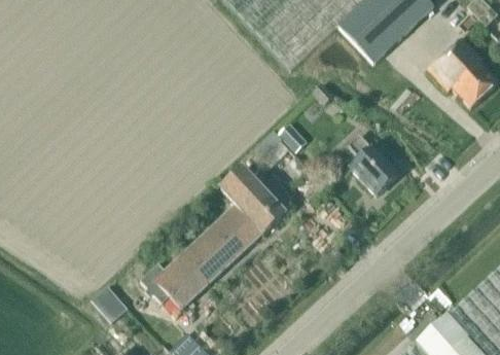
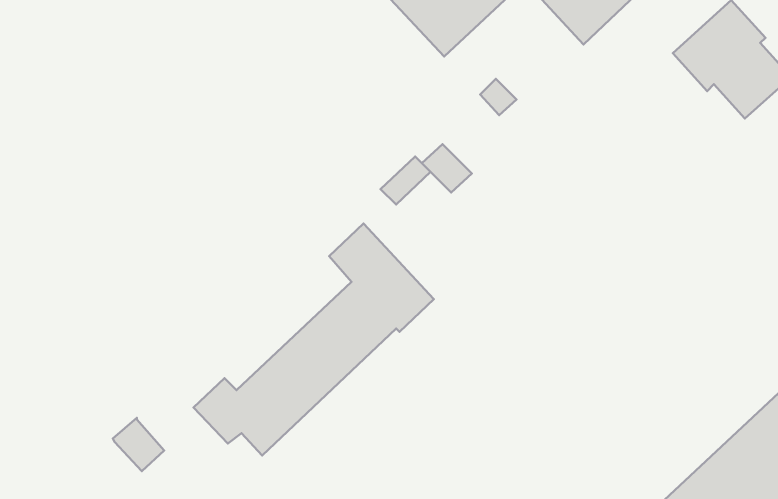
building: [350,137,398,194] -> none

